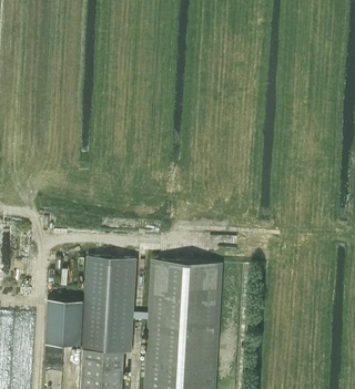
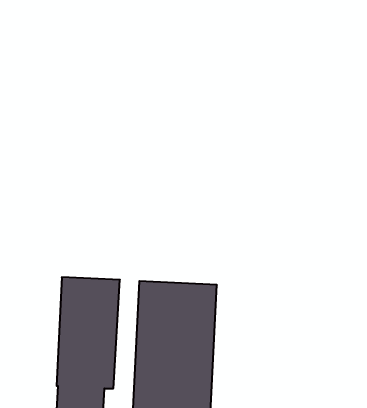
building: [45,300,82,346] -> none

